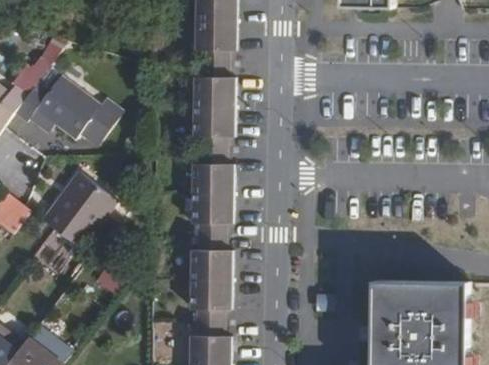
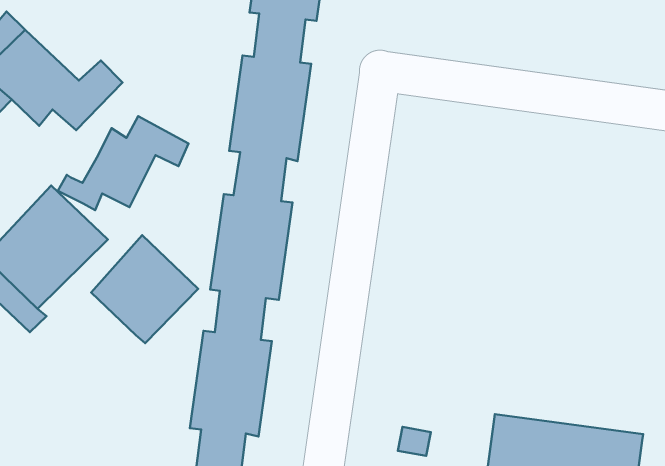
building: none -> [58,116,188,210]
building: none -> [91,235,198,343]

